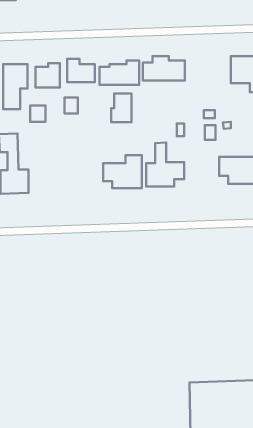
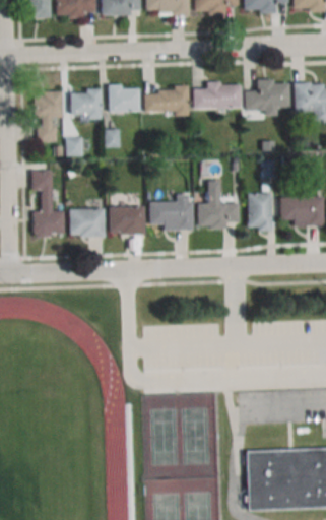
building: none -> [246,79,290,113]
building: [111,93,132,122] -> none
building: none -> [248,192,271,231]
building: none -> [110,206,145,234]
building: none -> [70,208,106,236]

